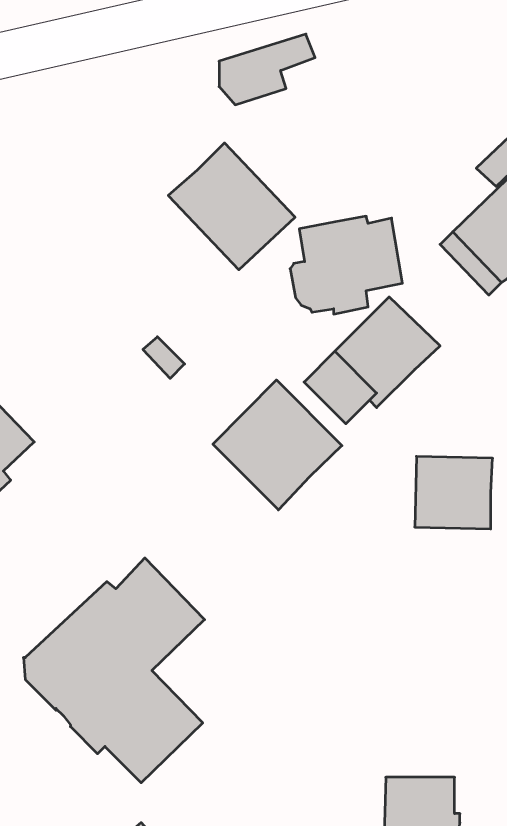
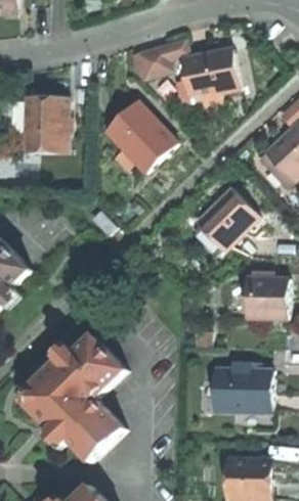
building: none -> [24,96,67,152]
building: [290,216,402,314] -> [175,50,239,105]
building: [213,380,342,510] -> none
building: none -> [213,367,270,412]

